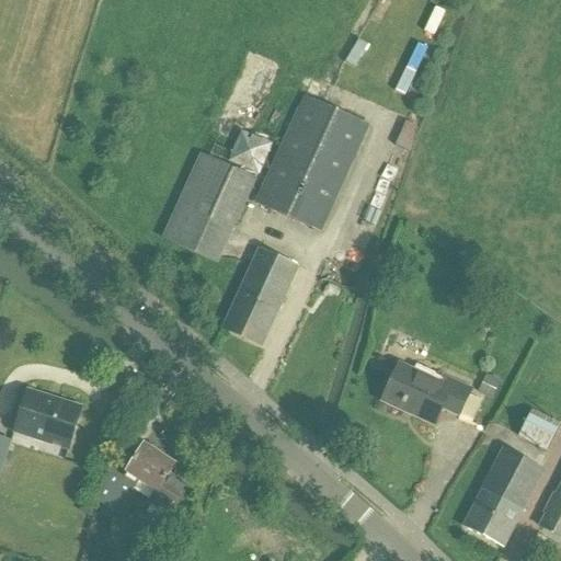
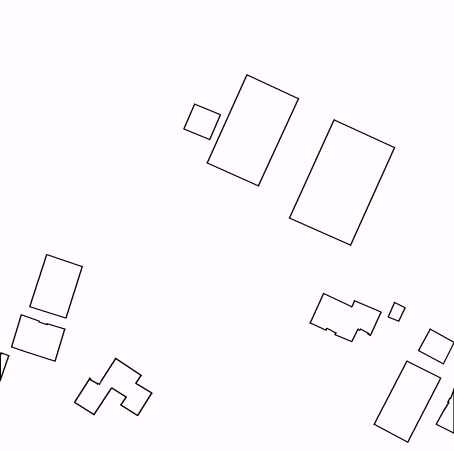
building: none -> [290,120,395,245]
building: [162,151,255,260] -> none
building: [221,244,298,343] -> none
building: none -> [30,255,82,318]

